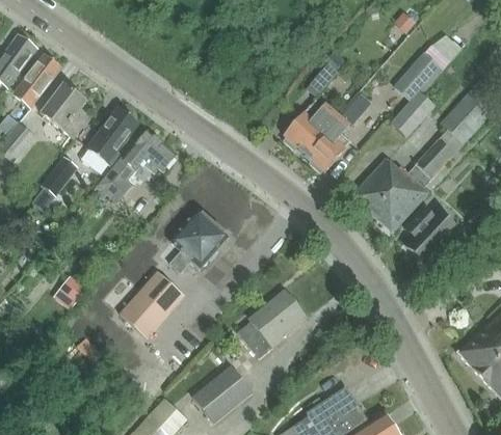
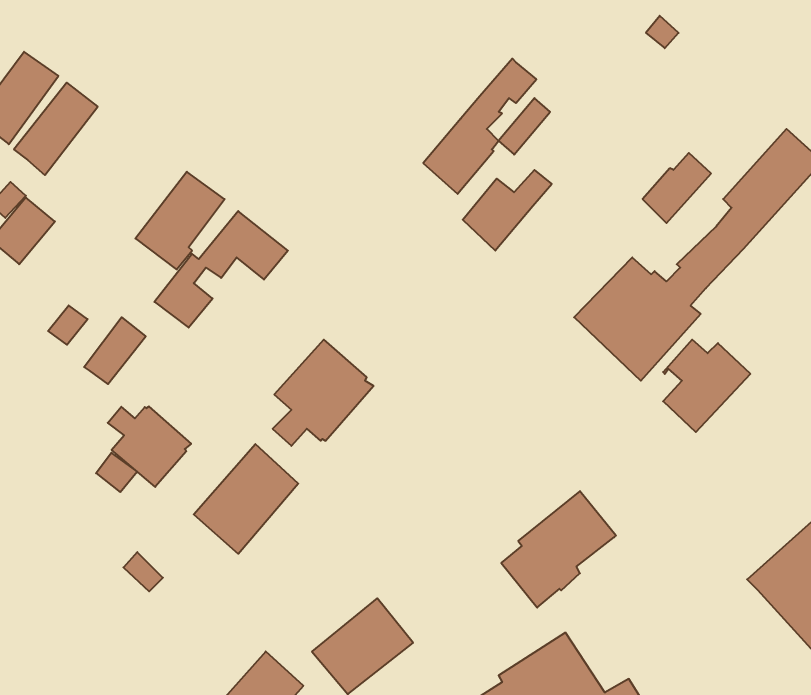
building: [396,48,448,105] -> none
building: [39,82,91,138] -> none
building: [304,90,372,172] -> [423,59,536,194]
building: [42,155,79,195] -> [84,317,146,384]
building: none -> [108,406,191,487]
building: [237,288,307,358] -> [501,491,616,608]

